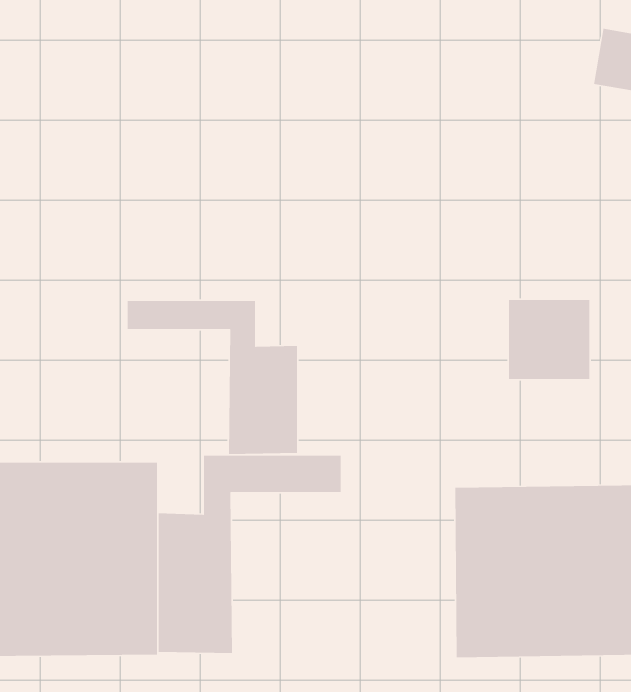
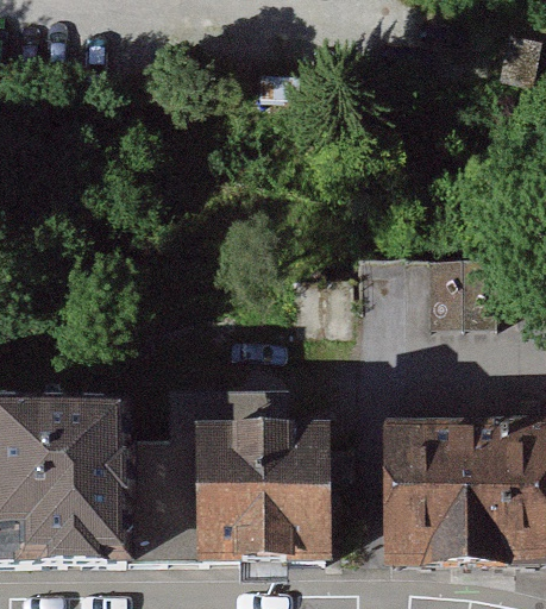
building: [127,300,298,455] -> none
building: none -> [196,423,333,563]

